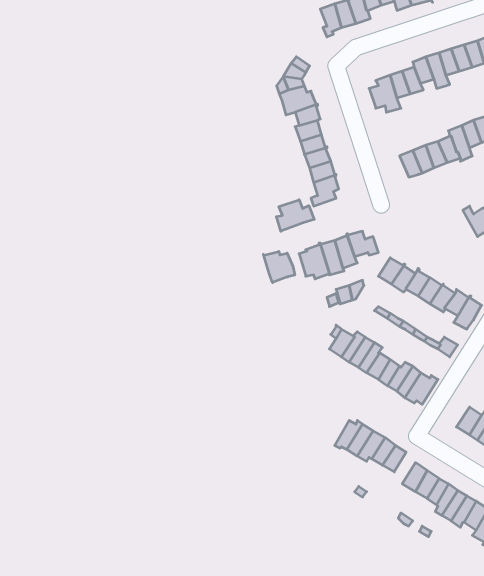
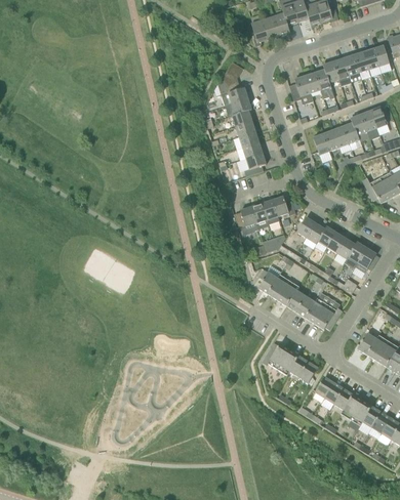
building: [276,200,314,231] -> none
building: [263,251,295,283] -> none

